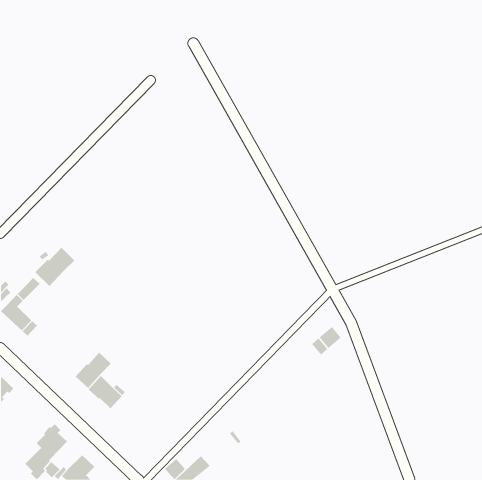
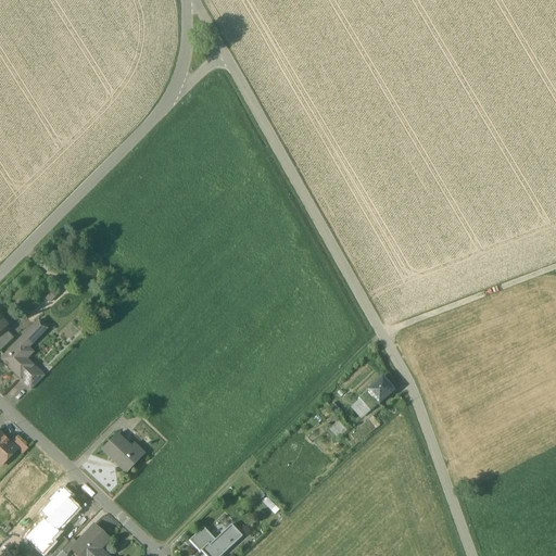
building: [35,247,75,287] -> none
building: [75,352,112,389] -> none

